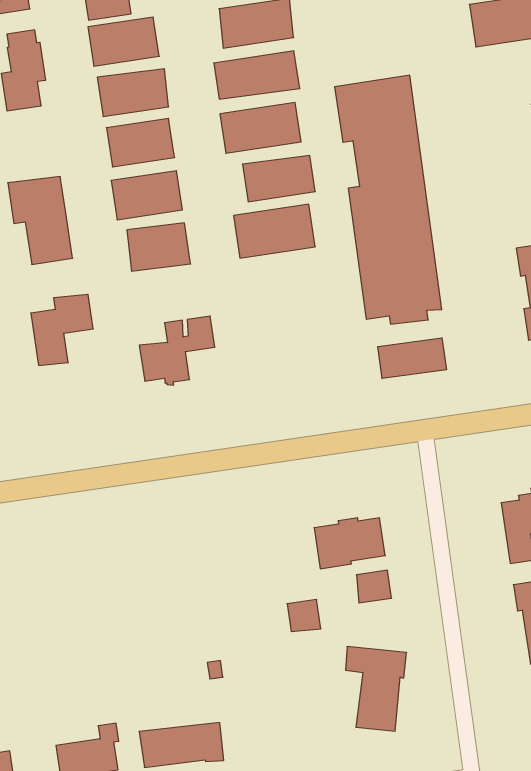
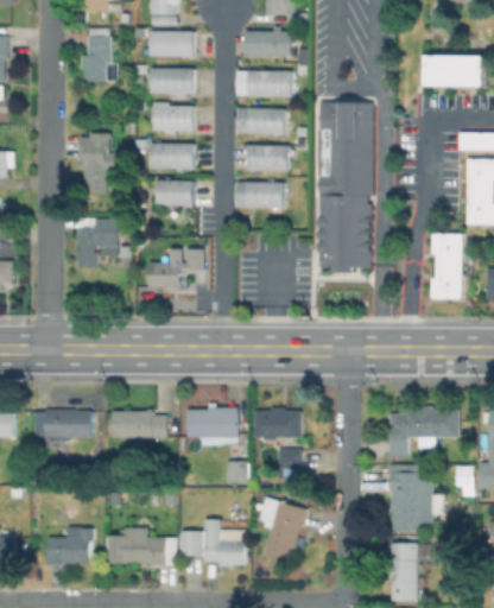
building: [378,338,446,379] -> none
building: none -> [188,407,240,446]
building: none -> [114,410,169,437]
building: none -> [34,410,94,441]
building: none -> [178,520,247,566]

